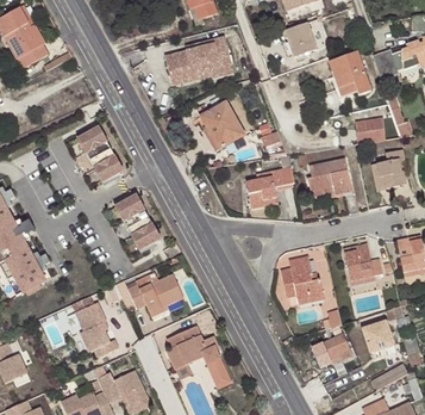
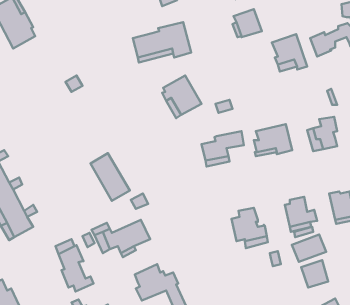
building: [355,117,385,143] -> none
building: [76,126,121,182] -> none
building: [313,334,354,366] -> [292,235,326,262]

